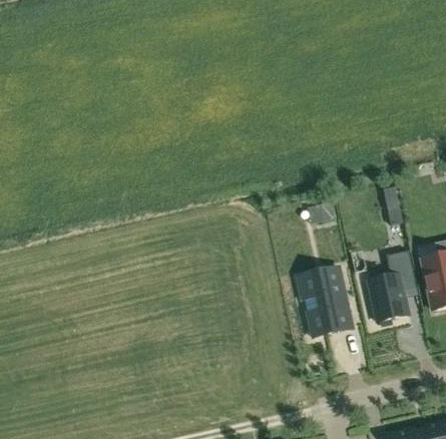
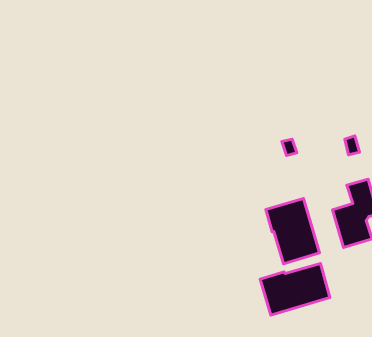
building: none -> [260,263,330,315]

